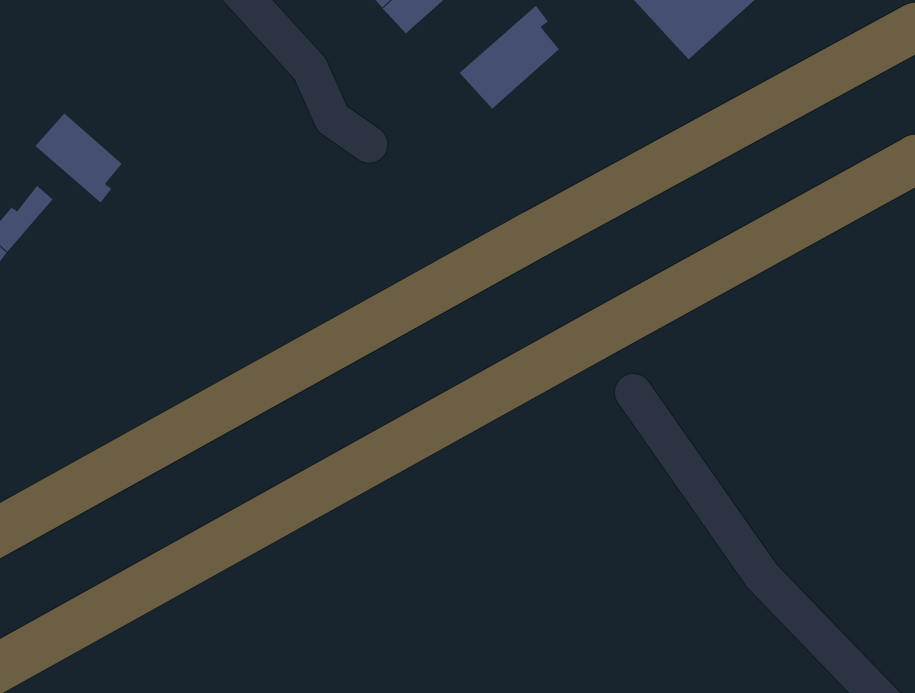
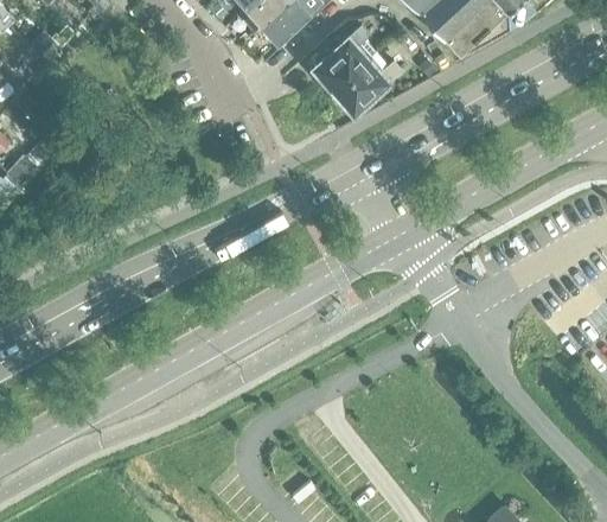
building: none -> [332,52,401,114]
building: [35,112,123,204] -> none

